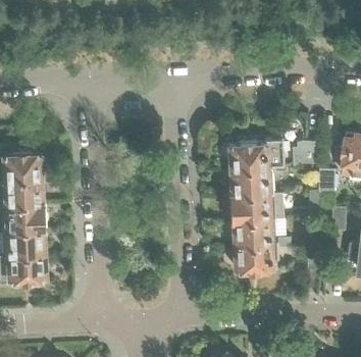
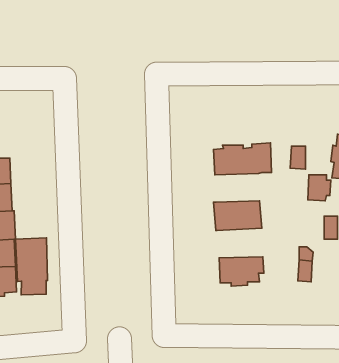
building: [230,168,273,195] -> none
building: [233,219,276,247] -> none
building: none -> [15,238,47,295]

